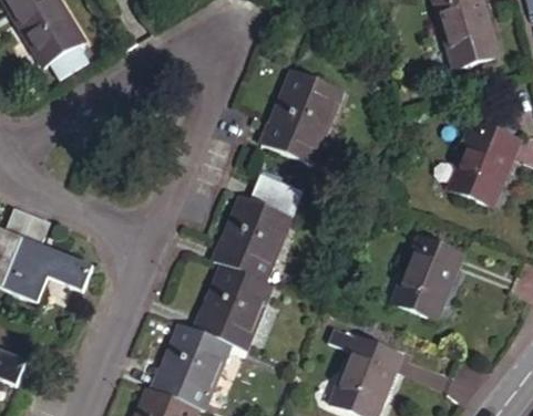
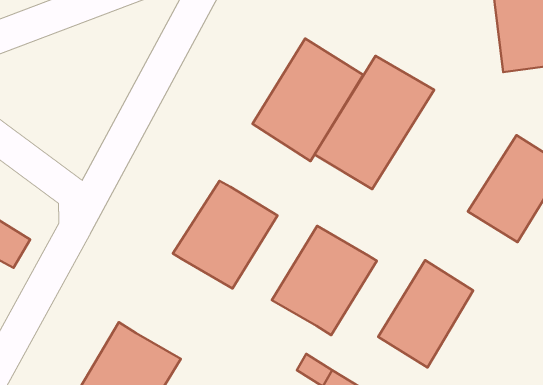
building: none -> [315,56,434,189]
building: [250,174,303,216] -> none
building: [192,263,273,351] -> [272,226,377,335]

